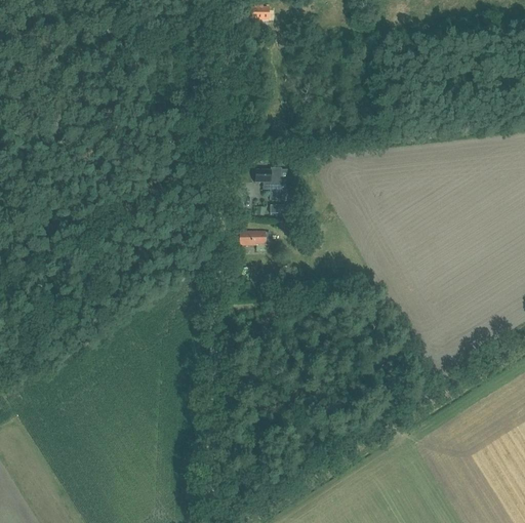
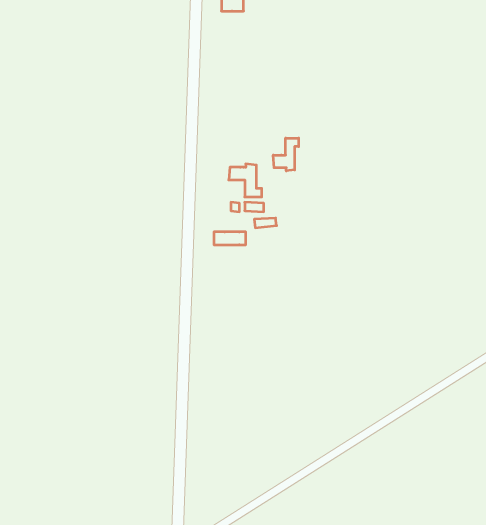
building: none -> [273,138,299,171]

